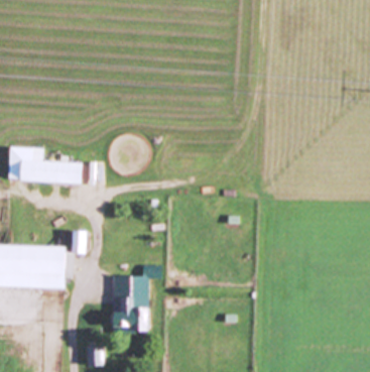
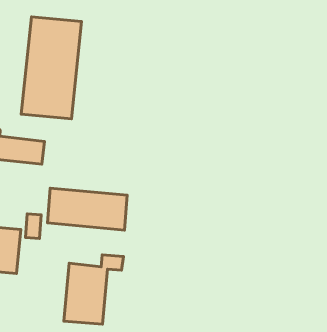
building: none -> [21,17,82,119]
building: none -> [48,188,127,230]

